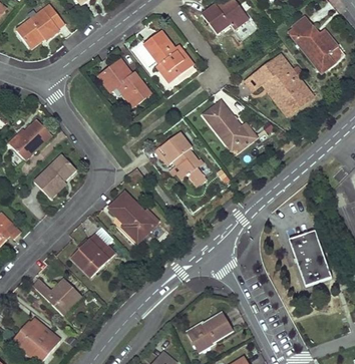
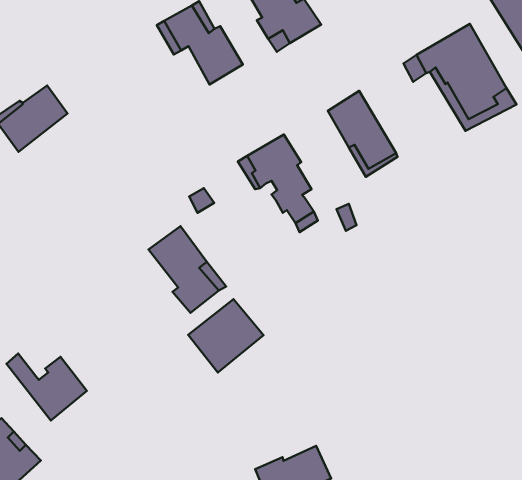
building: [34,154,76,199] -> none
building: [289,230,331,286] -> none
building: [70,234,114,278] -> [188,299,263,372]

